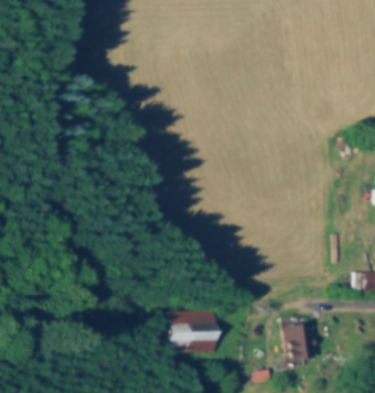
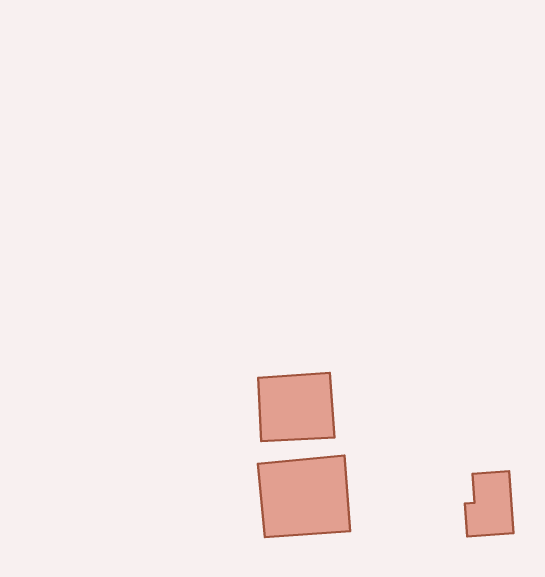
building: none -> [258,373,334,441]

